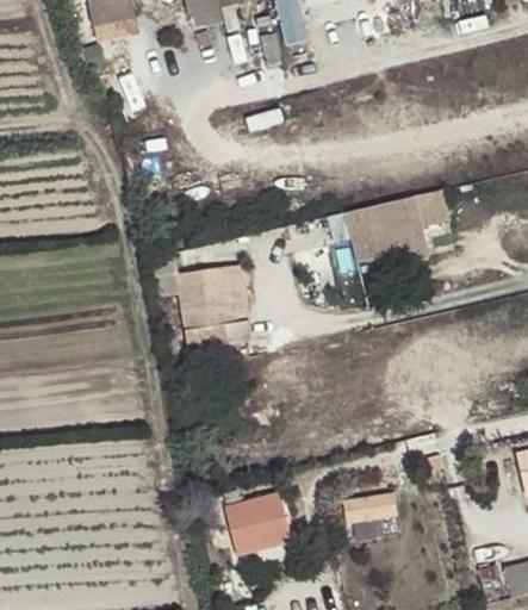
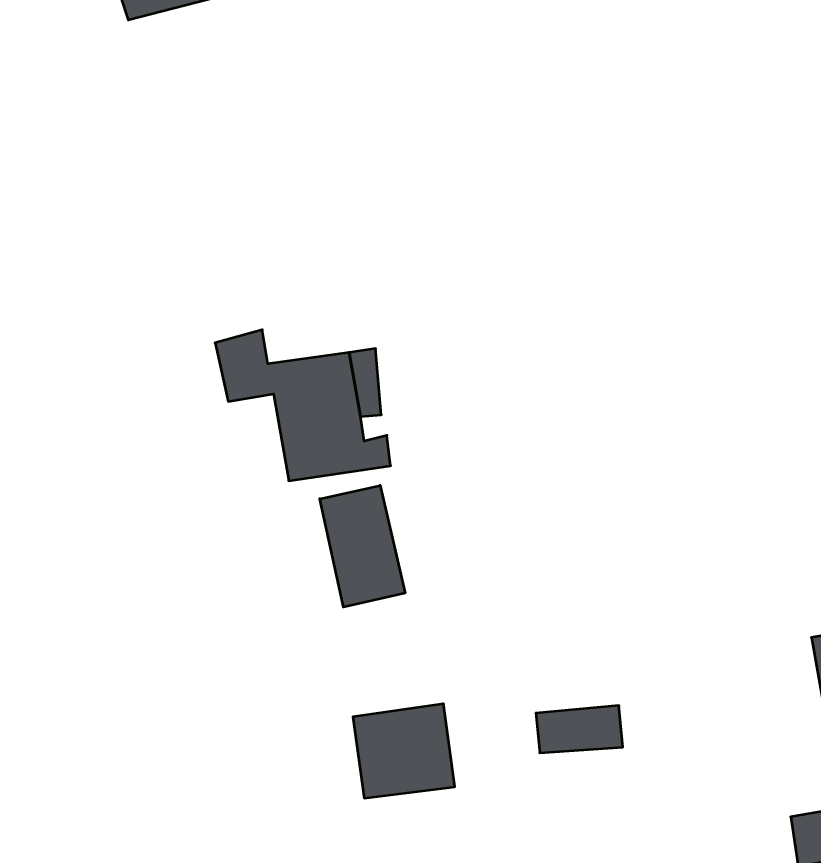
building: [346,189,449,262] -> none
building: none -> [320,485,405,607]

